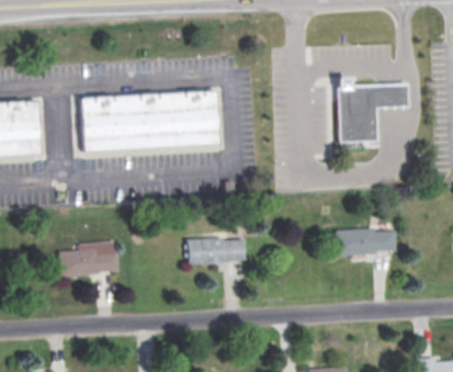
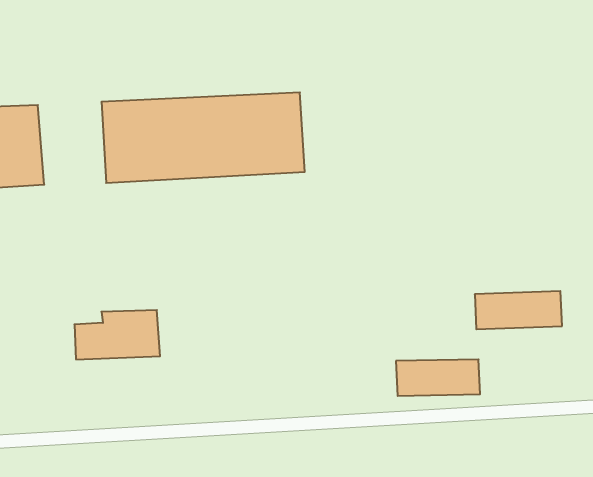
building: [338,76,408,140] -> none
building: [189,237,247,262] -> [396,359,480,396]

